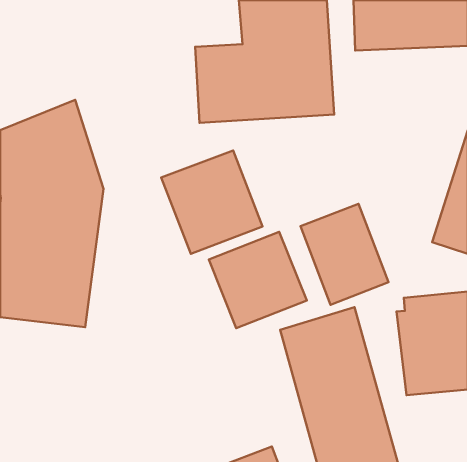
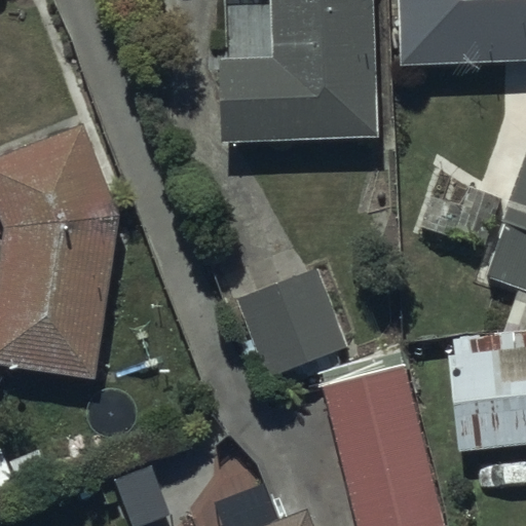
building: [161,150,263,254] -> none
building: [301,204,388,305] -> none

